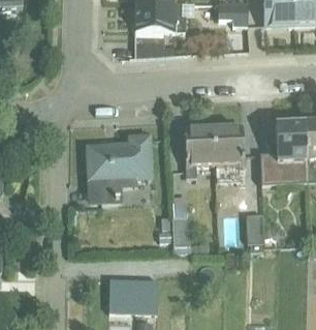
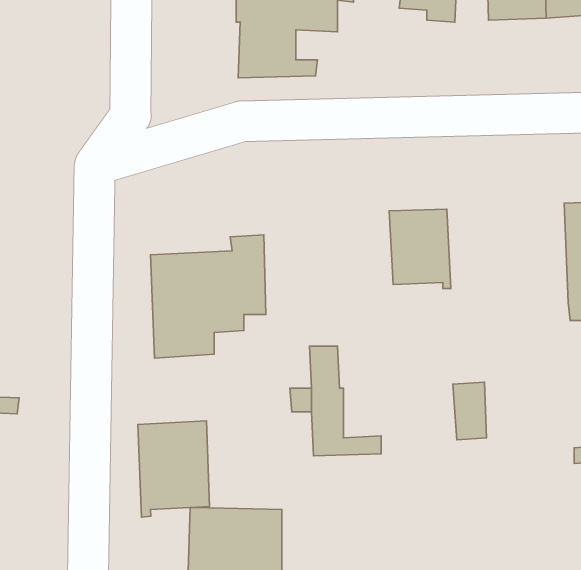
building: [260,121,307,184] -> none
building: [185,125,215,177] -> none
building: none -> [138,421,209,517]

